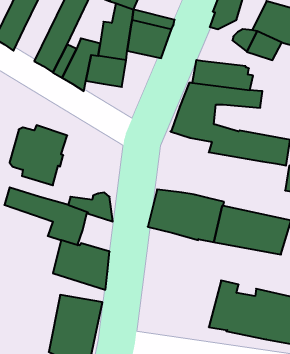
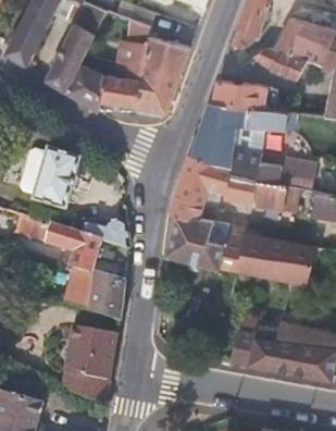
building: none -> [139,70,181,113]
building: none -> [172,153,301,219]

